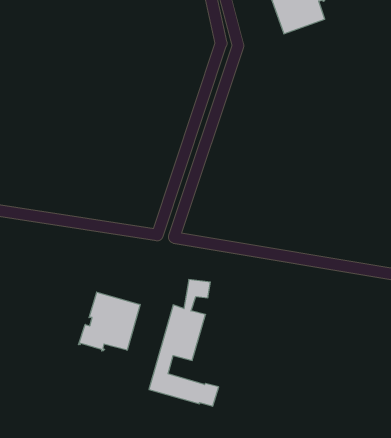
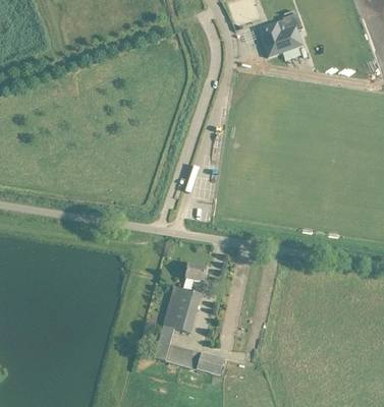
building: [79,292,140,351] -> none

